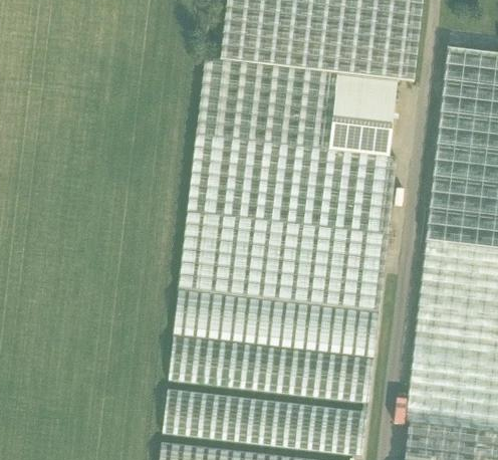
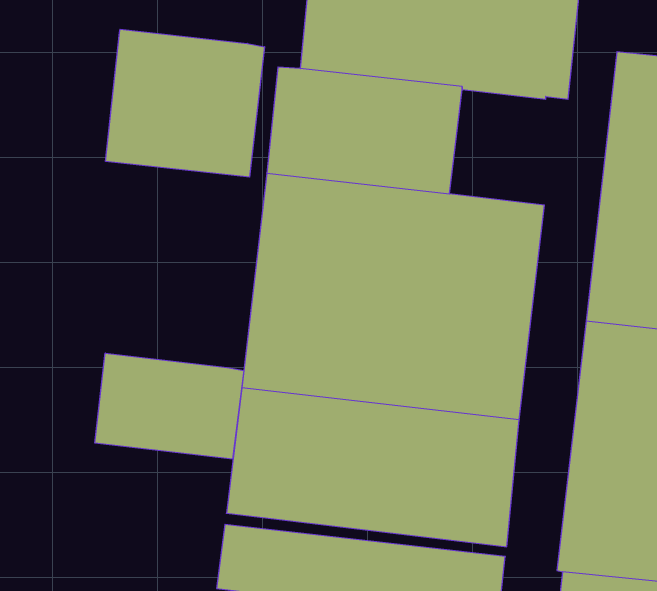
building: none -> [106,29,265,177]
building: [328,76,398,159] -> none
building: none -> [95,353,244,459]

